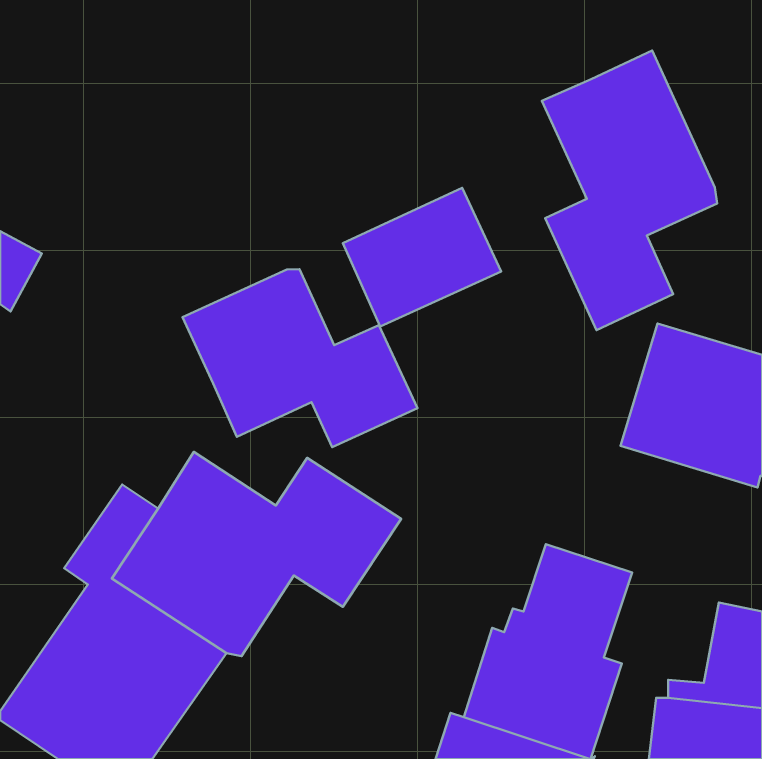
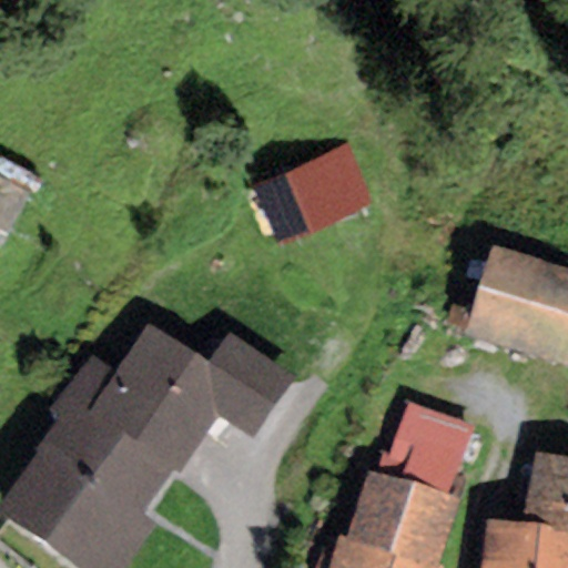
building: [542,51,717,330] -> none
building: [183,269,418,447] -> none

